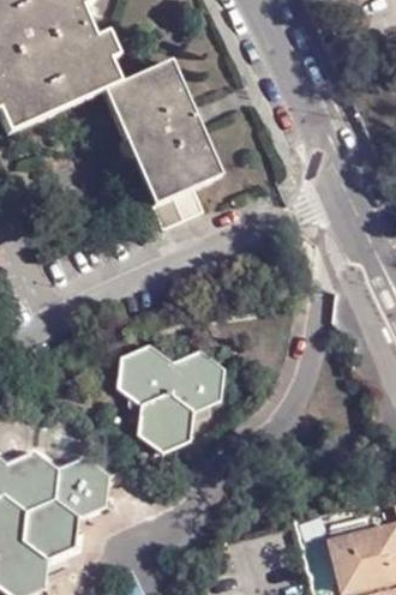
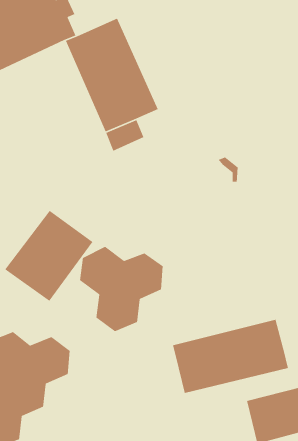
building: none -> [4,210,93,302]
building: none -> [172,319,289,394]

